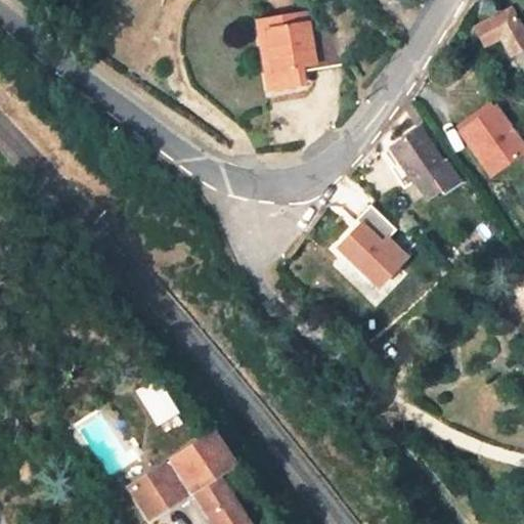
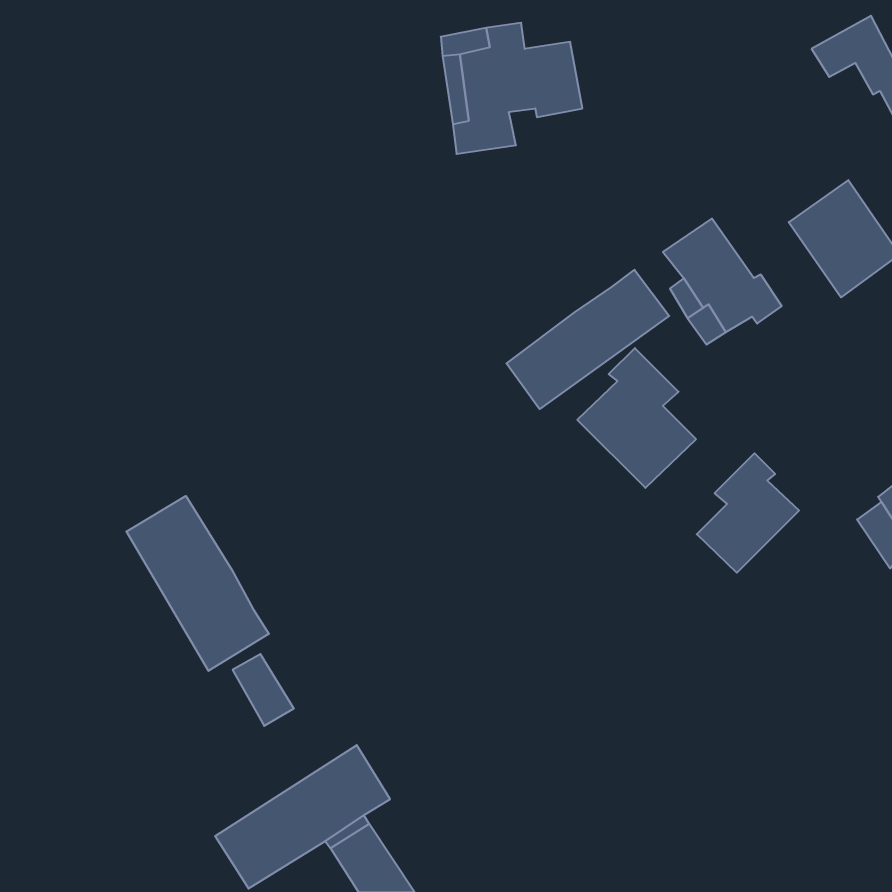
building: none -> [506,270,669,409]
building: none -> [697,453,799,573]
building: none -> [126,496,269,671]

